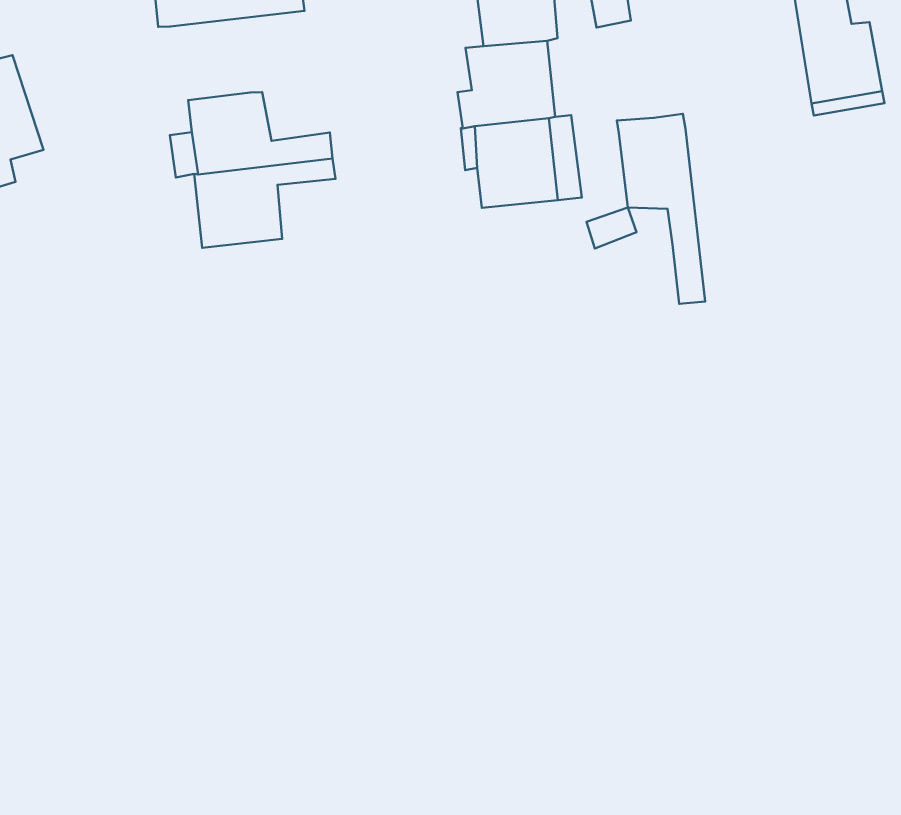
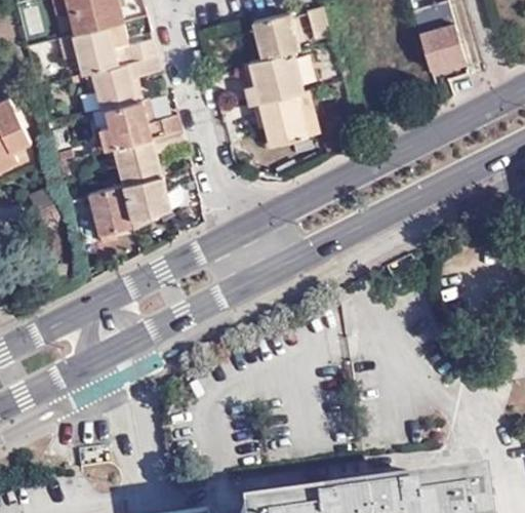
building: none -> [90,54,163,109]
building: [617,114,705,304] -> none
building: none -> [88,174,183,241]

